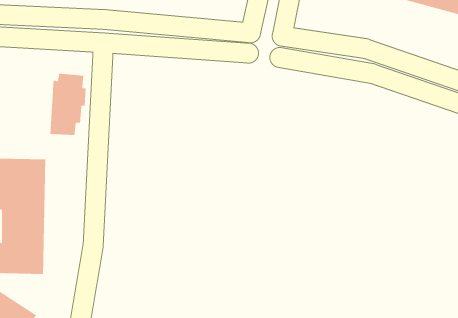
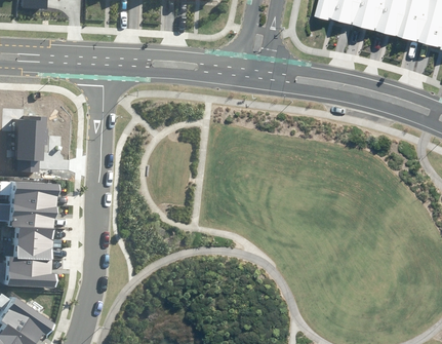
building: [49,73,87,136] -> [15,117,49,175]

